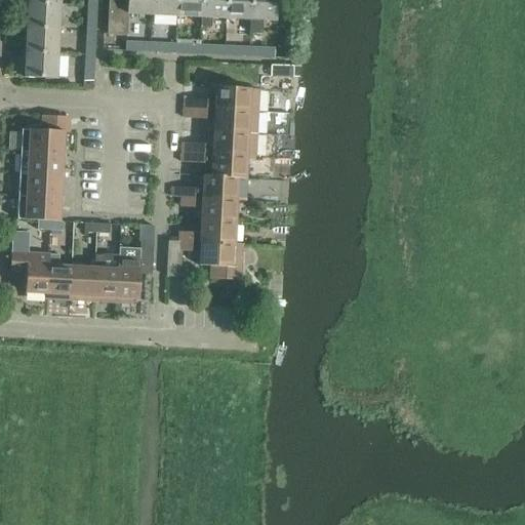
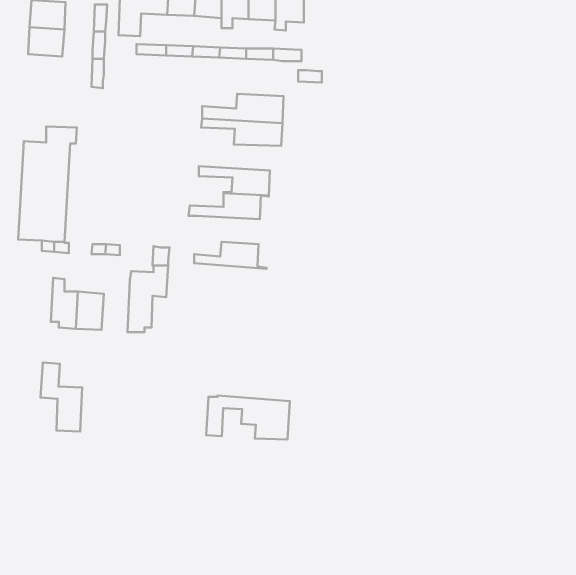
building: [25,49,57,77] -> none
building: [181,131,256,156] -> none
building: [179,196,237,221] -> none
building: [11,230,49,292] -> [41,363,82,432]
building: [167,239,243,279] -> [206,396,290,440]
building: [93,253,119,301] -> none

